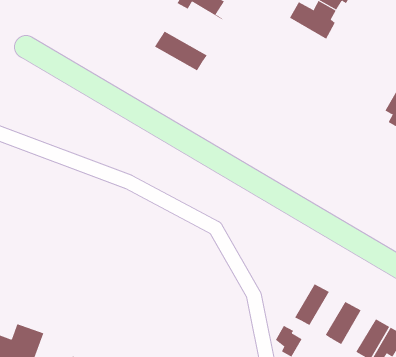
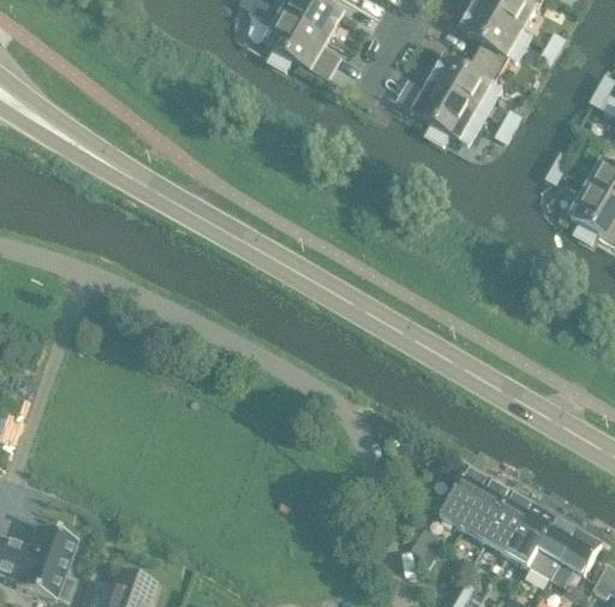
building: none -> [389,81,486,143]
building: [154,31,207,71] -> none
building: none -> [462,478,513,541]
building: none -> [508,505,557,565]

